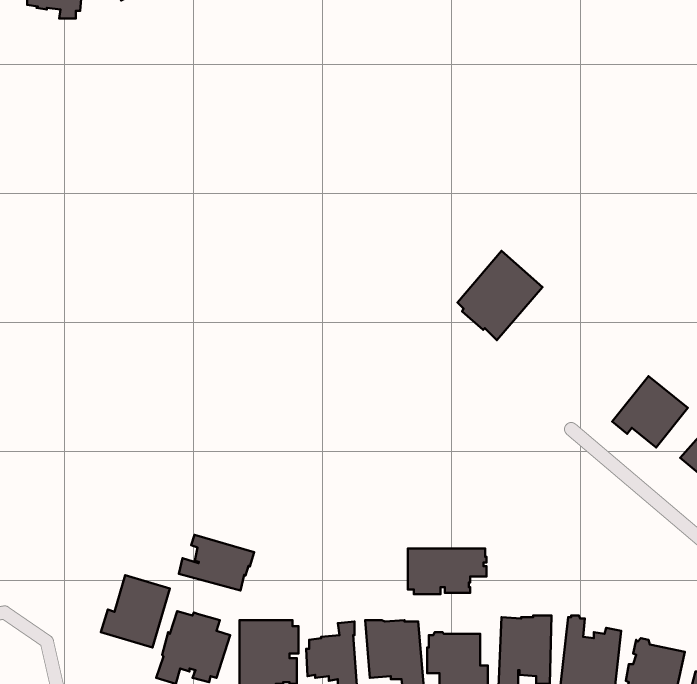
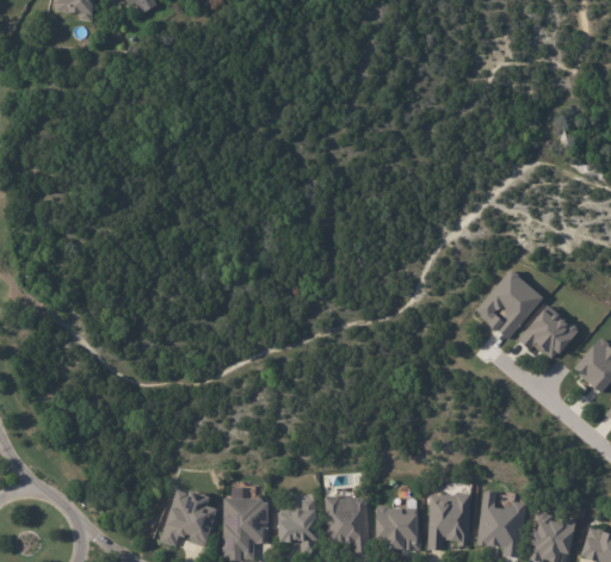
building: [458,251,542,340] -> [476,267,543,338]
building: [179,535,254,591] -> none
building: [408,549,487,594] -> none
building: [101,575,170,648] -> none

